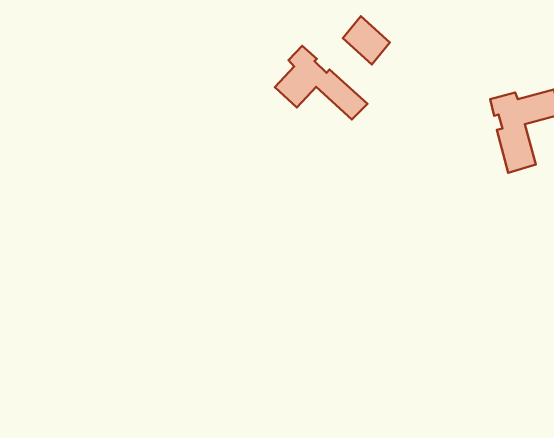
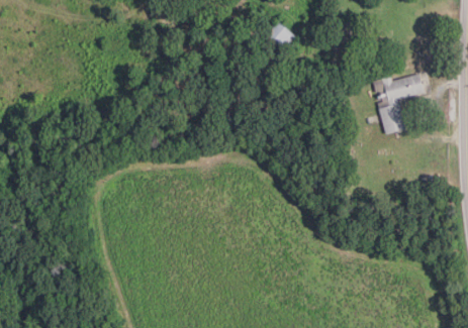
building: [275,46,368,119] -> none

